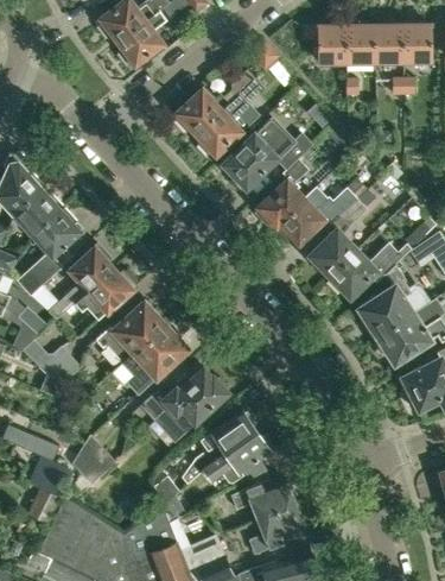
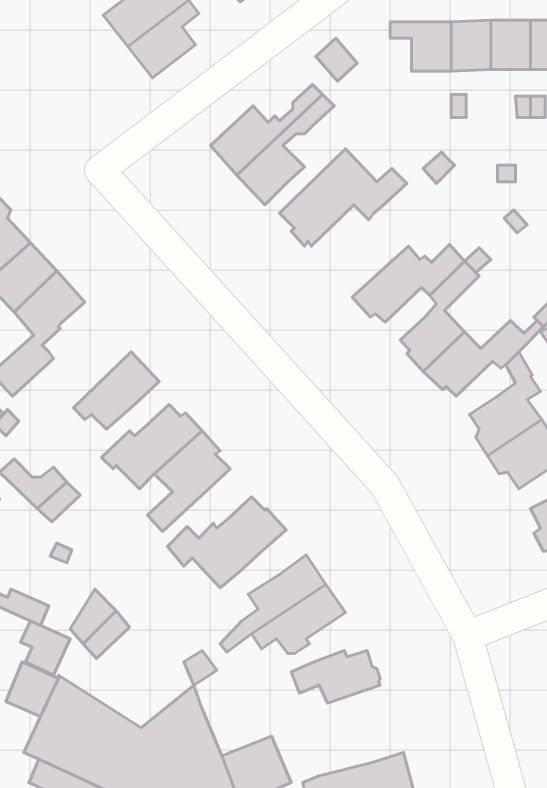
building: [255,160,307,229] -> none
building: [50,245,116,321] -> none
building: [250,505,305,555] -> none

